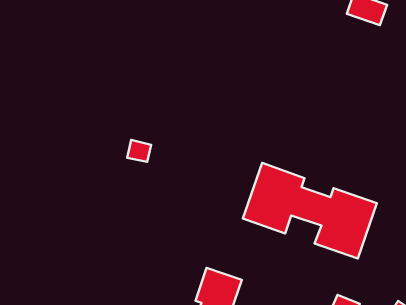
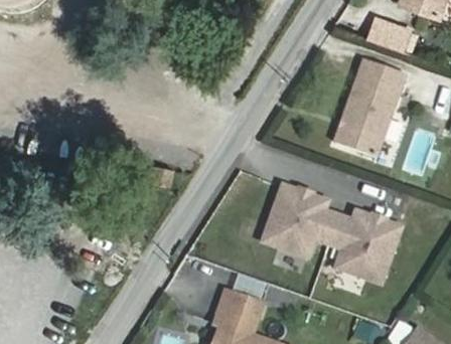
building: none -> [332,57,404,155]

